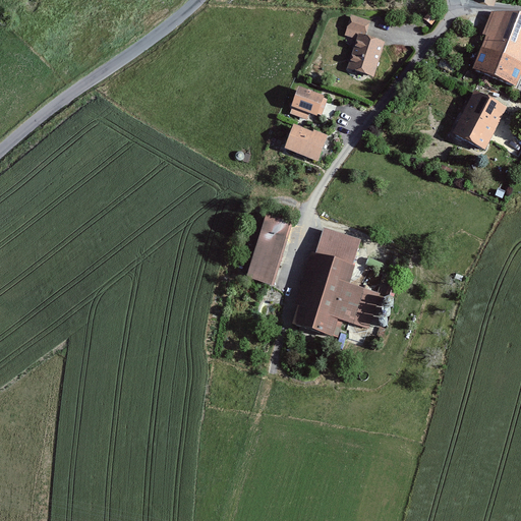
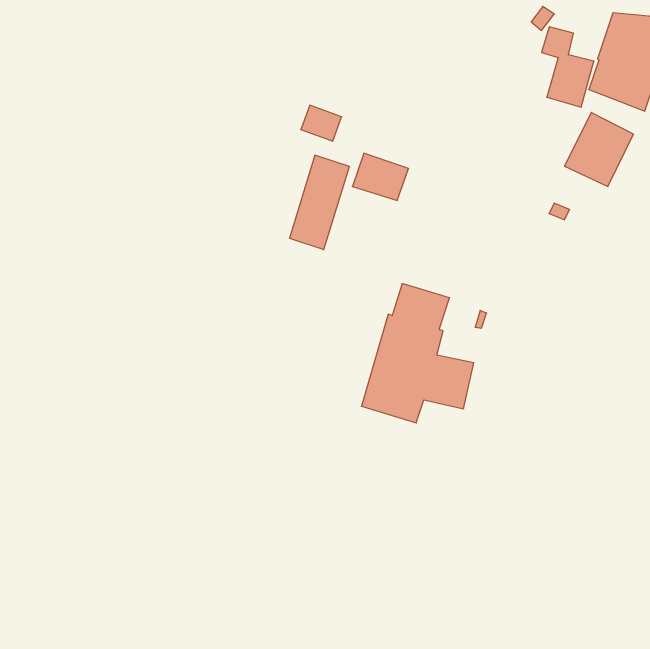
building: [345,13,387,77] -> [542,27,594,107]
building: [291,89,324,117] -> [301,105,342,141]
building: [245,211,293,286] -> [289,155,349,250]

